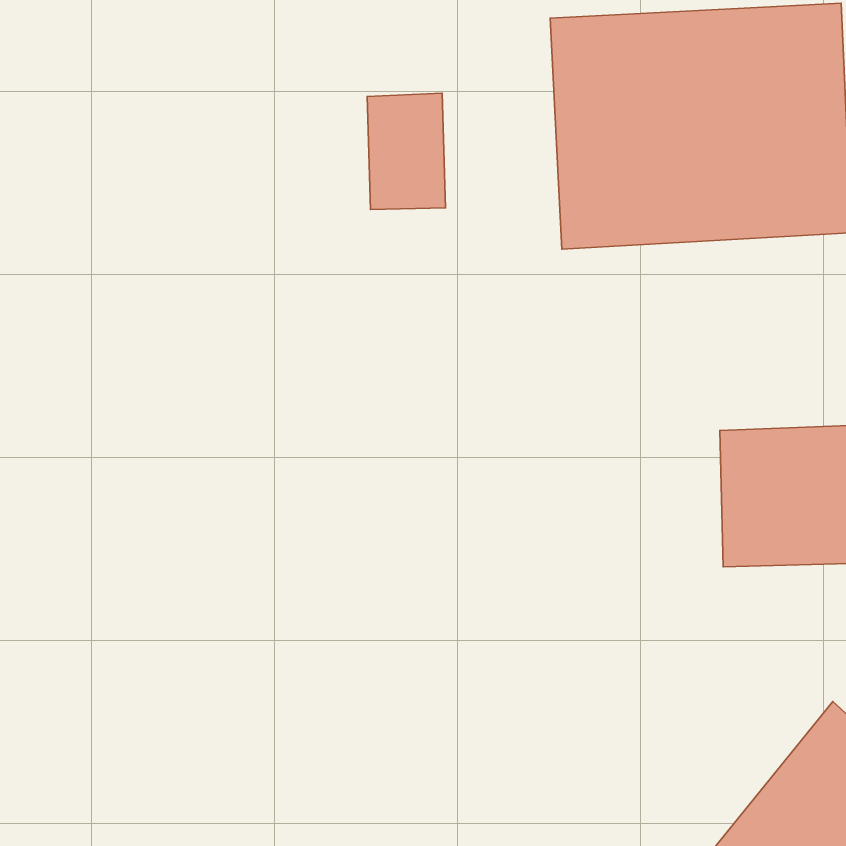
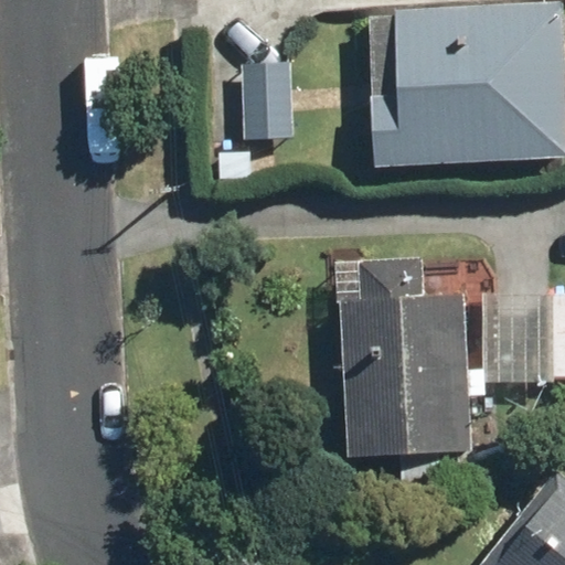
building: none -> [340,257,472,454]

